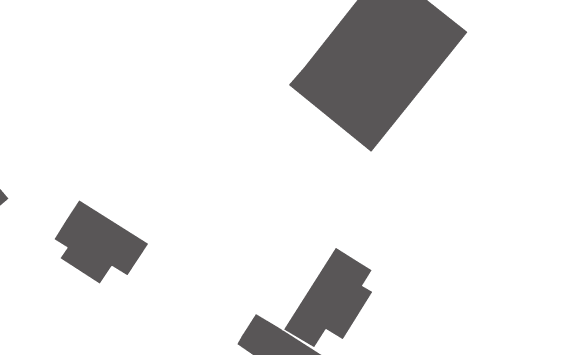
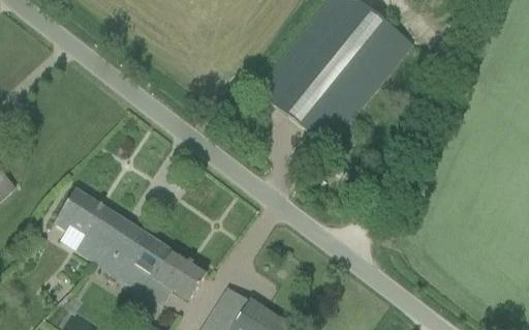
building: none -> [93,226,206,299]
building: [283,247,373,348] -> none

